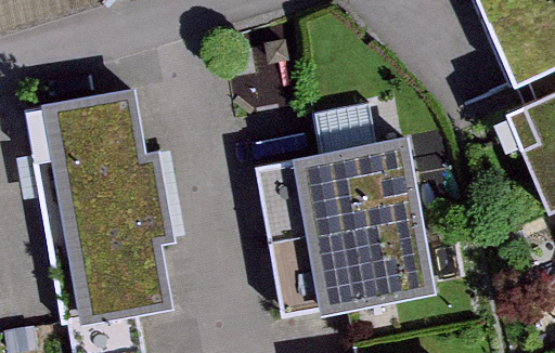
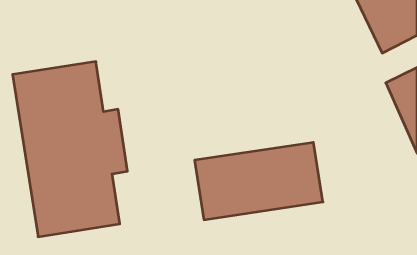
building: [256,120,418,218] -> none

